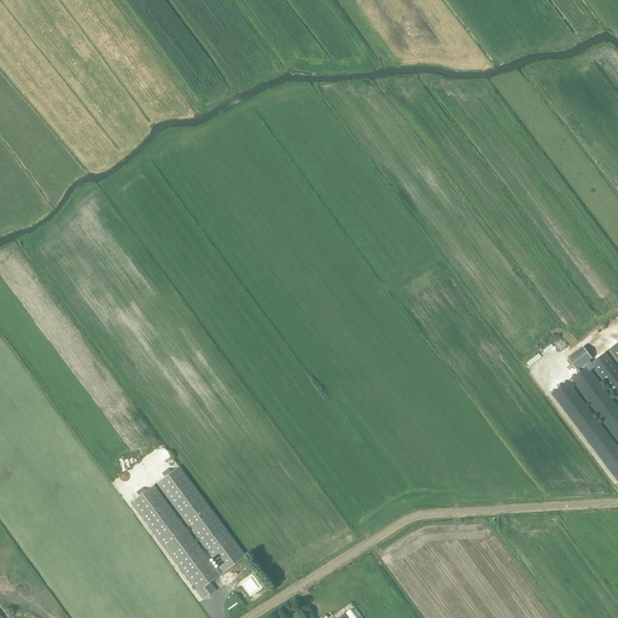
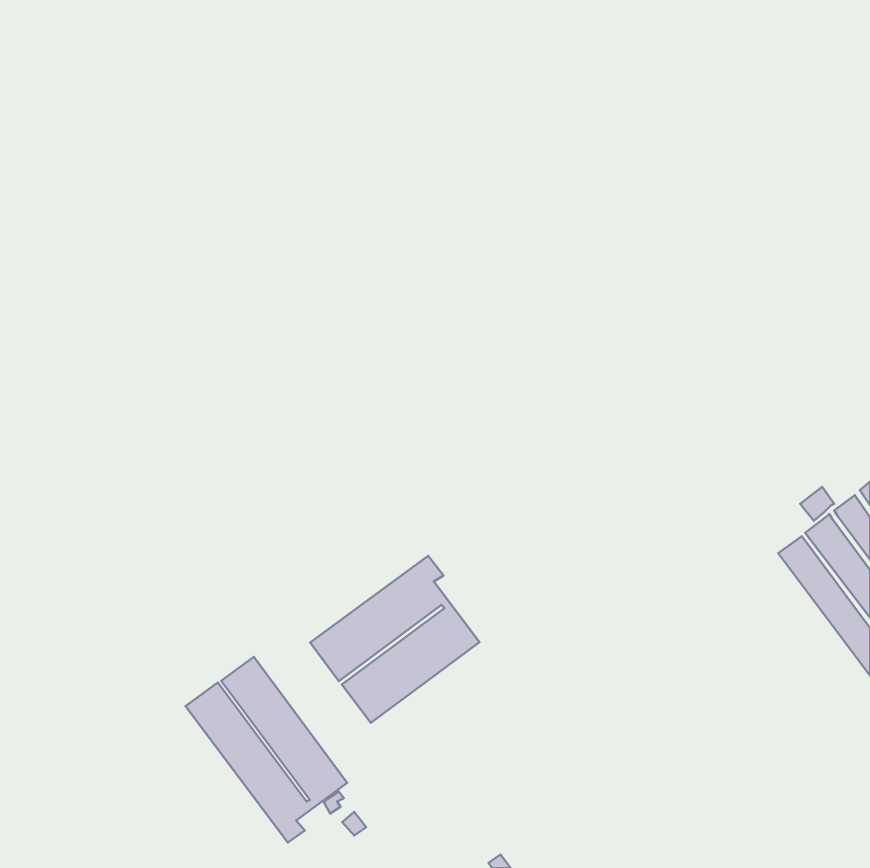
building: none -> [310,556,479,723]

